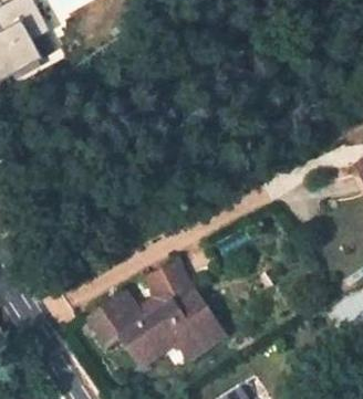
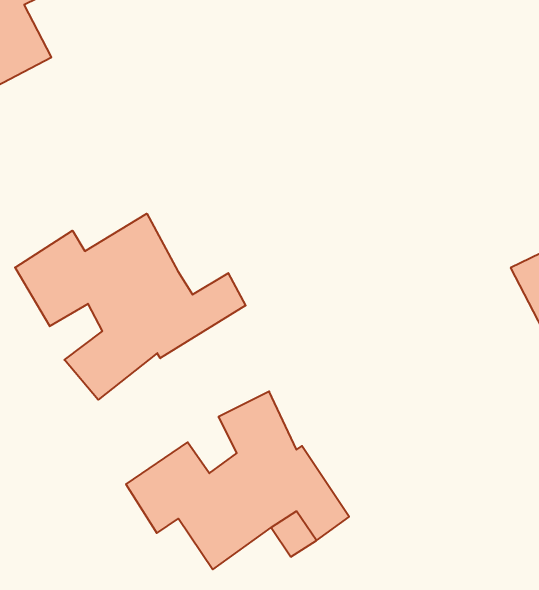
building: none -> [15,214,246,400]

